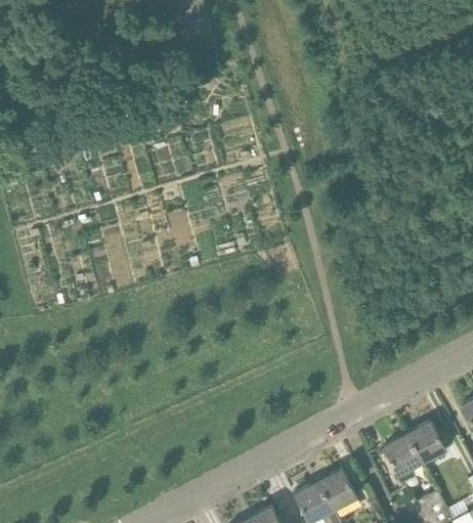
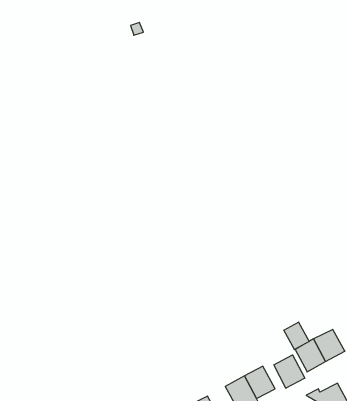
building: none -> [284,322,309,350]
building: none -> [274,355,305,388]

